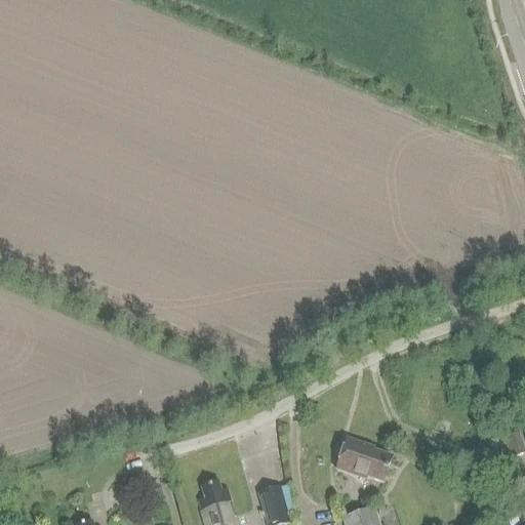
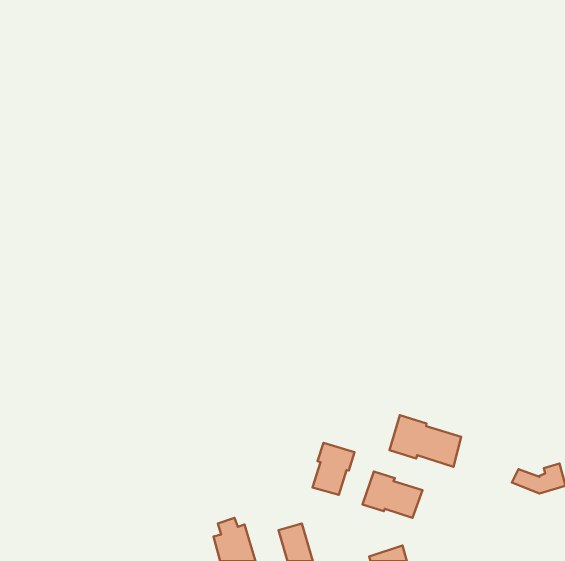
building: none -> [390,415,461,467]
building: none -> [312,443,355,495]

